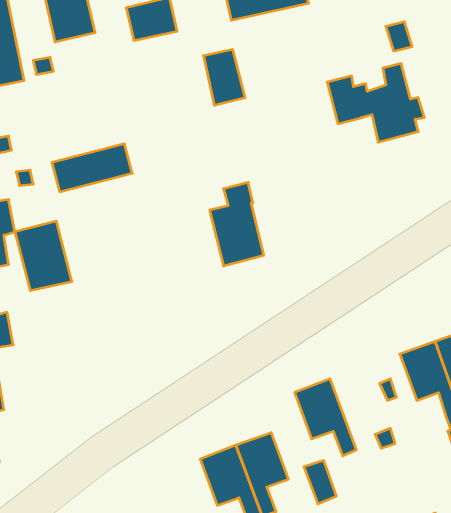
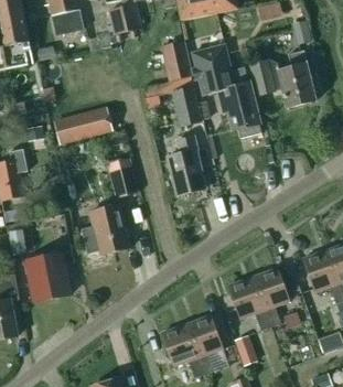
building: none -> [193,46,260,137]
building: none -> [172,86,202,126]
building: none -> [108,158,138,197]
building: [15,221,72,291] -> [89,204,130,254]
building: none -> [26,252,69,301]
building: none -> [253,267,290,326]

